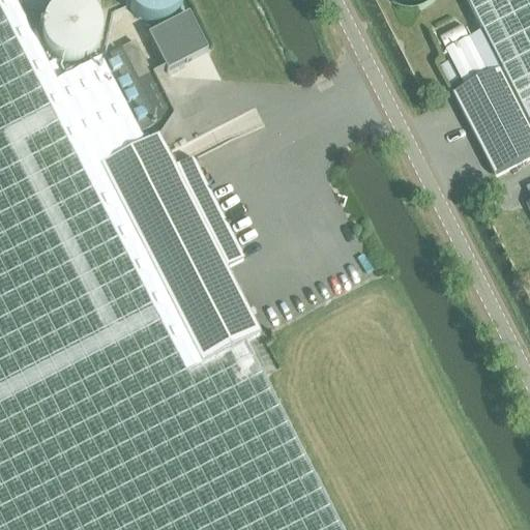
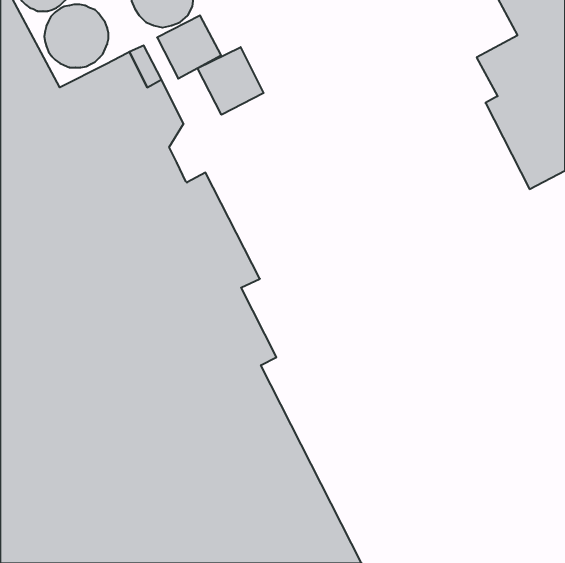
building: none -> [198,47,264,115]

